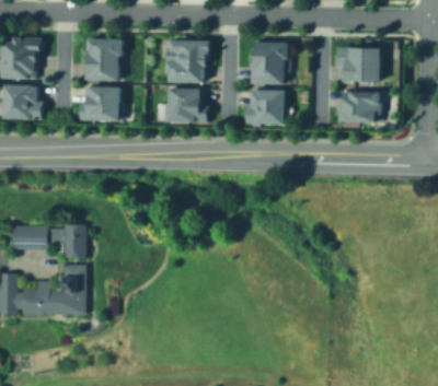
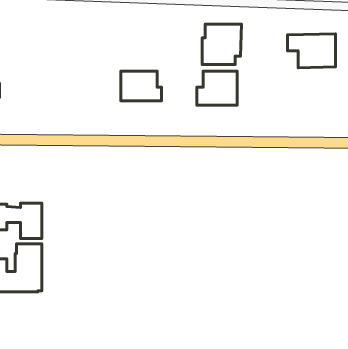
building: [81,37,122,78] -> none
building: [165,42,209,81] -> none
building: [78,85,124,119] -> none
building: [342,95,385,127] -> none

